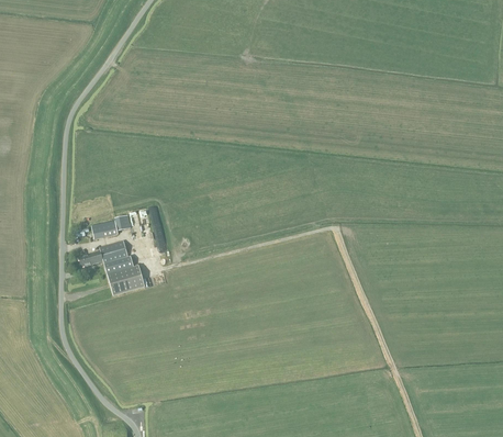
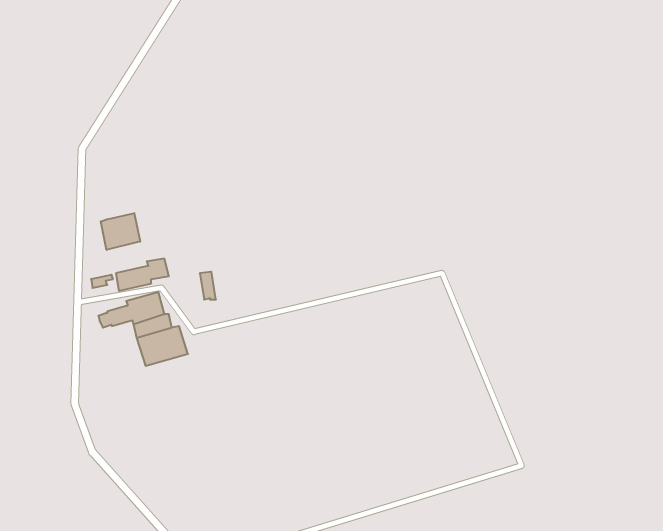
building: none -> [101,213,140,250]

